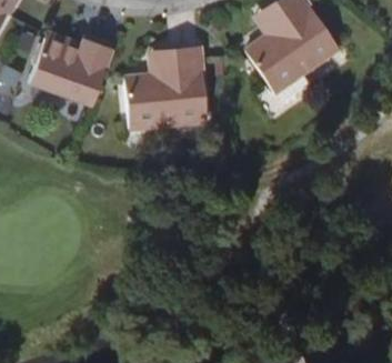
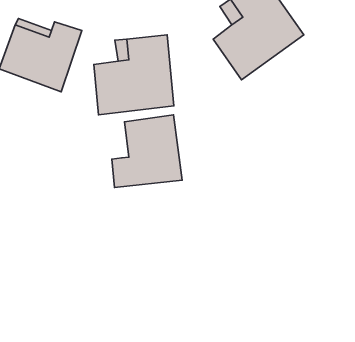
building: none -> [112,115,182,187]

